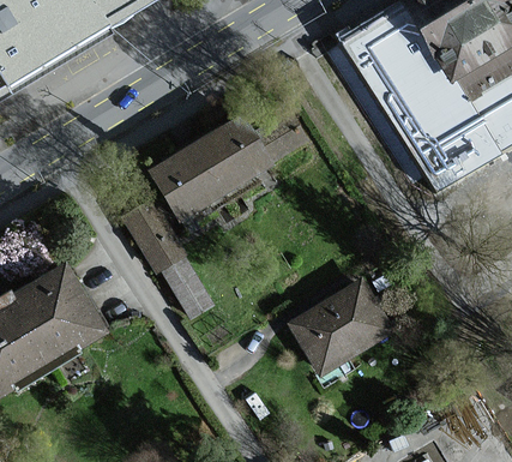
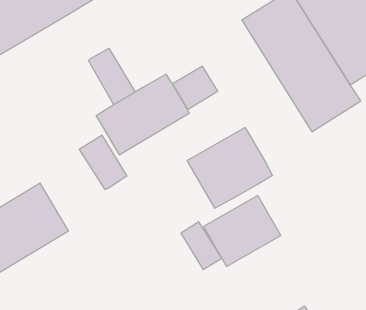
building: none -> [89,48,135,105]
building: none -> [187,127,272,208]
building: [158,256,213,320] -> [181,222,222,270]

